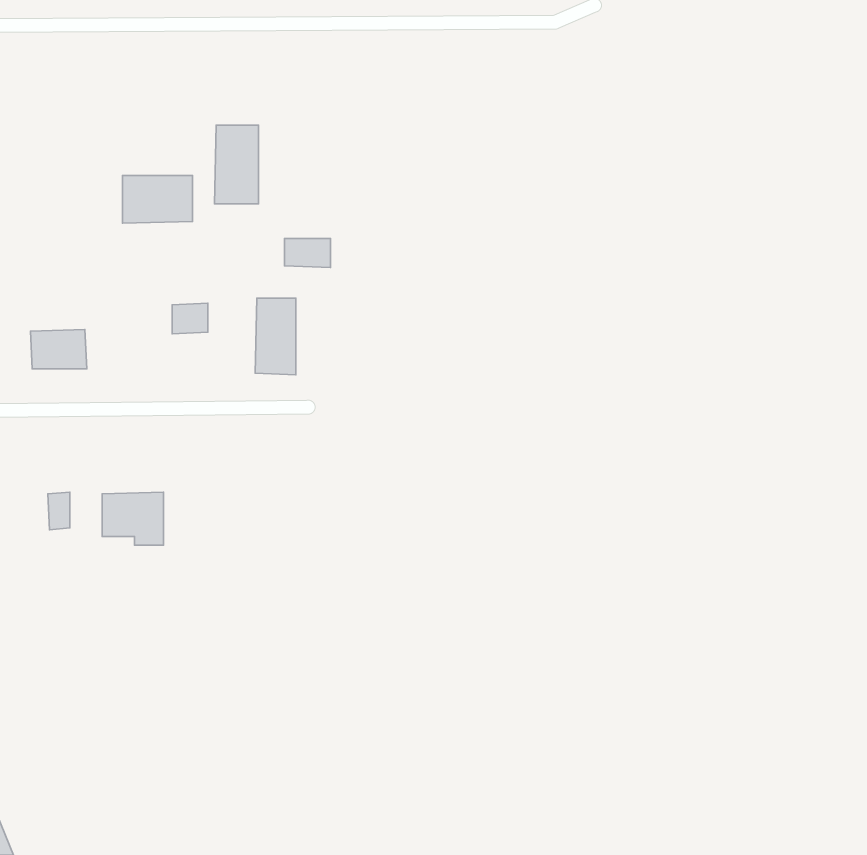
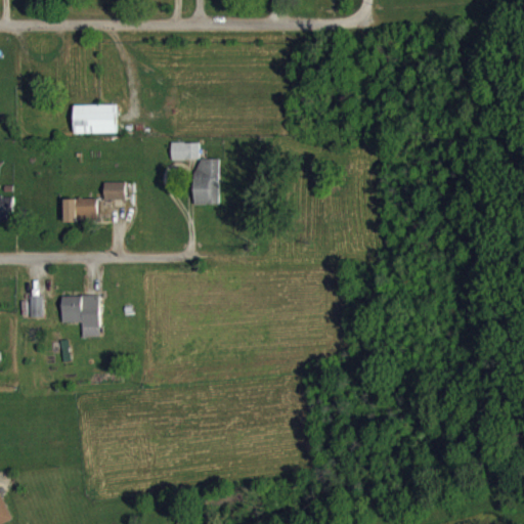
building: [214,125,259,204] -> none
building: [255,298,296,375] -> [193,160,218,206]
building: [30,330,87,369] -> [63,199,97,222]

